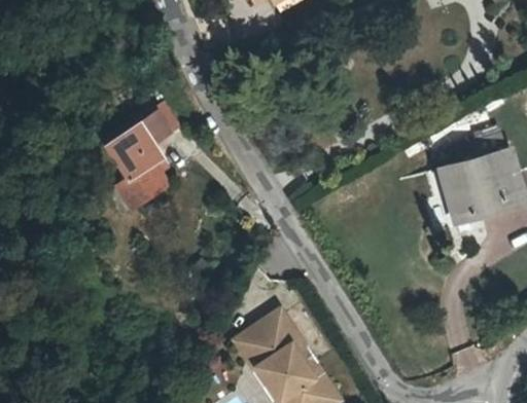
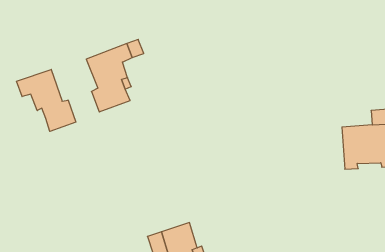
building: none -> [17,69,76,131]

